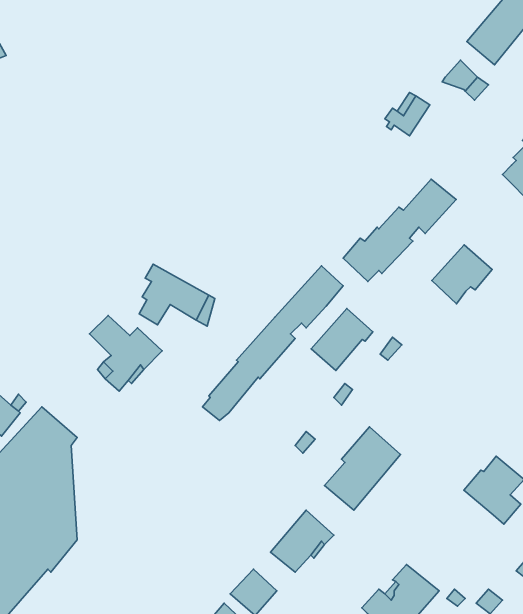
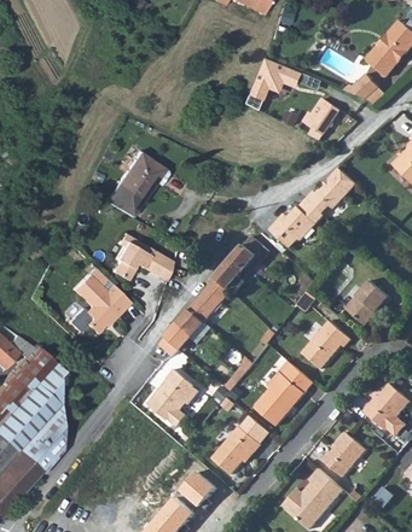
building: none -> [253,58,302,99]
building: none -> [104,152,167,216]
building: [432,245,492,304] -> [344,280,391,326]
building: [311,309,373,370] -> [302,321,350,369]
building: none -> [147,369,196,427]
building: none -> [323,432,366,478]

